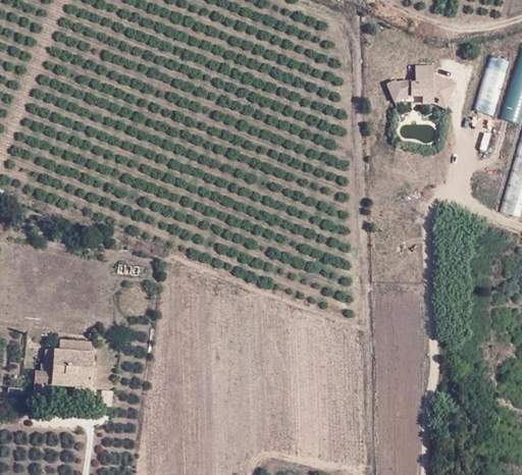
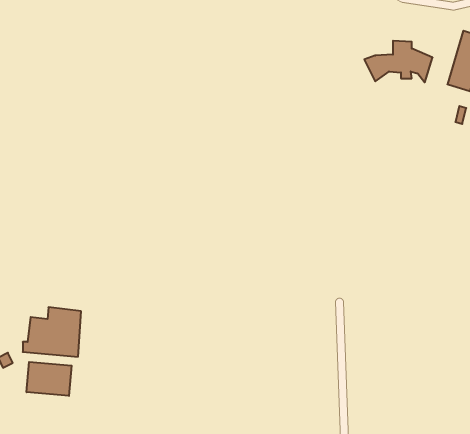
building: none -> [27,362,72,396]

